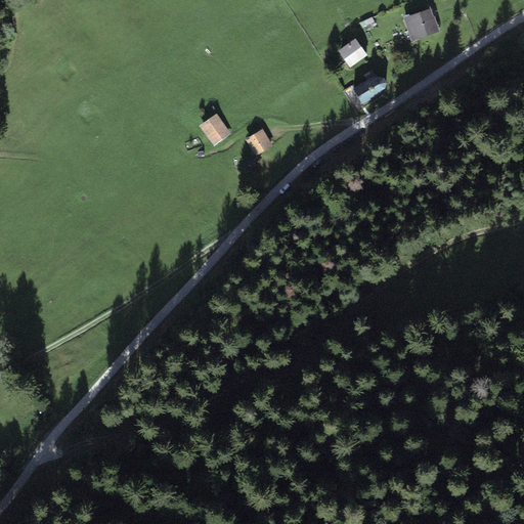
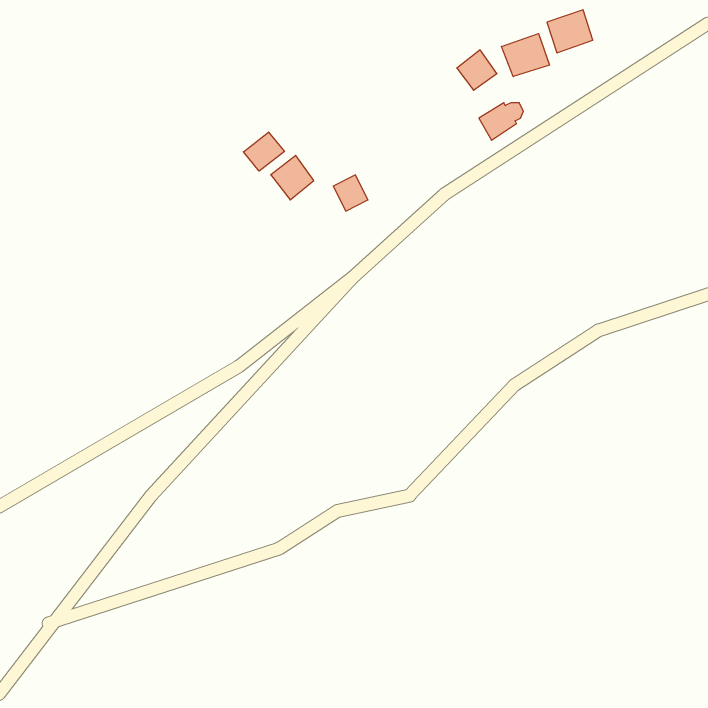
building: none -> [501,34,549,77]
building: none -> [243,132,284,171]

